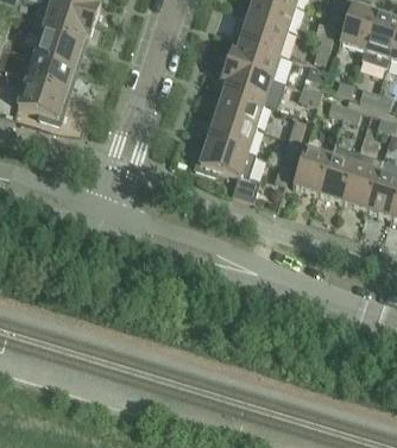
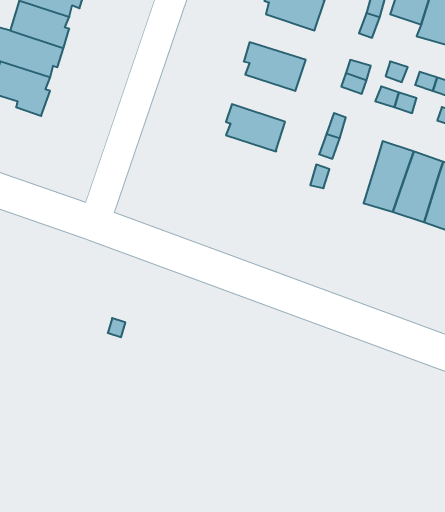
building: [227,39,279,76] -> none
building: [213,88,264,126] -> none
building: [195,137,260,200] -> none
building: [292,145,330,191] -> none

